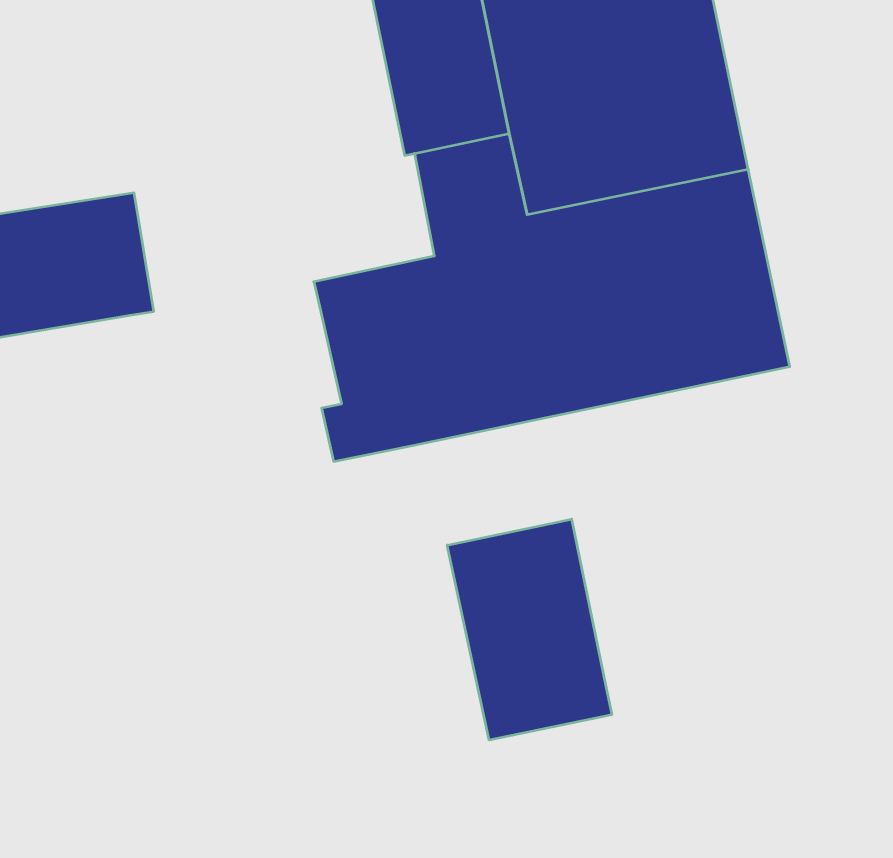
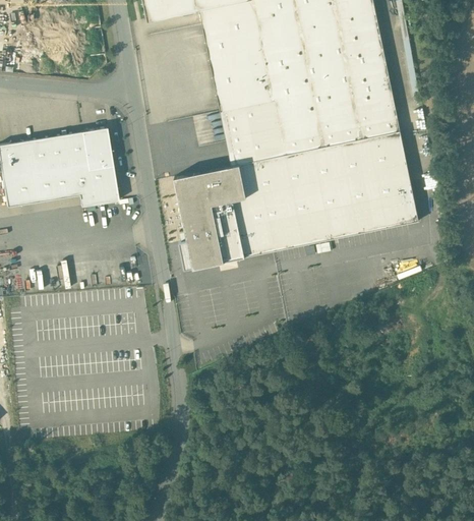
building: none -> [79,126,118,206]
building: [447,519,612,740] -> none

